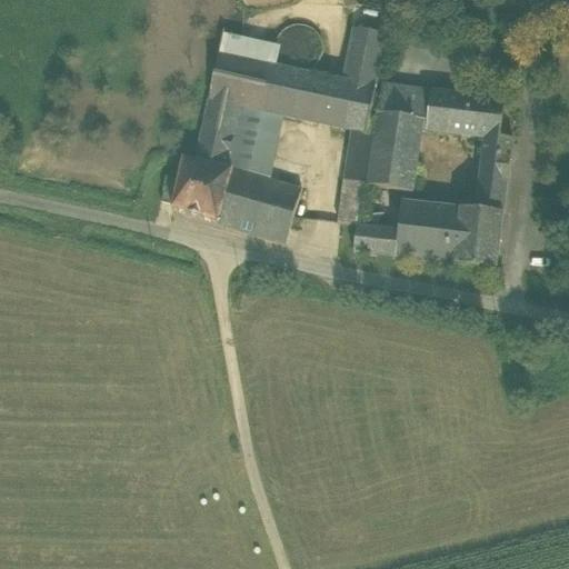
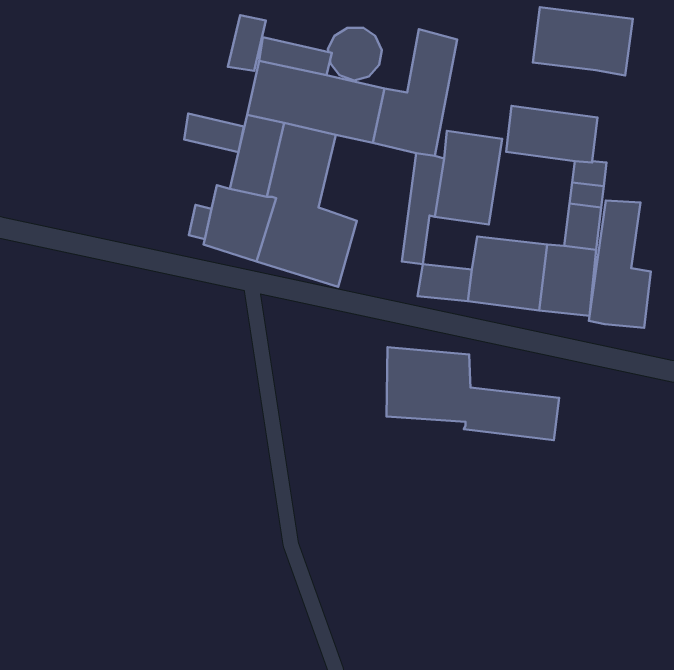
building: none -> [533,7,633,76]
building: none -> [228,15,266,71]
building: [376,82,430,118] -> none
building: none -> [184,113,244,152]
building: none -> [589,201,651,328]
building: none -> [386,347,559,440]

